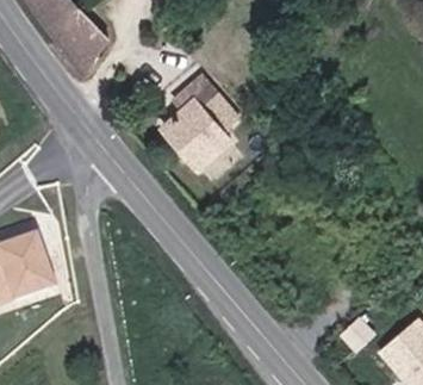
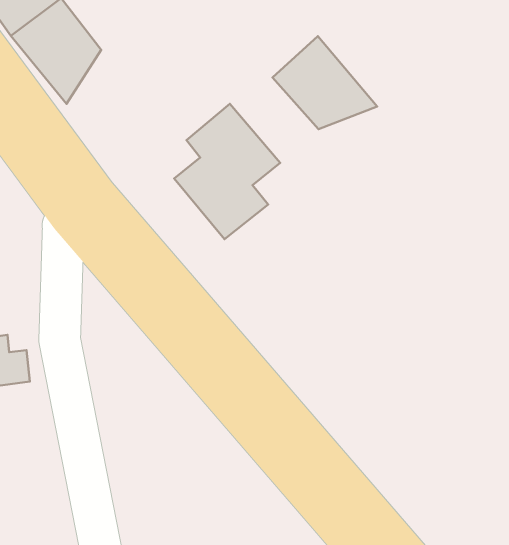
building: none -> [272,36,377,129]

